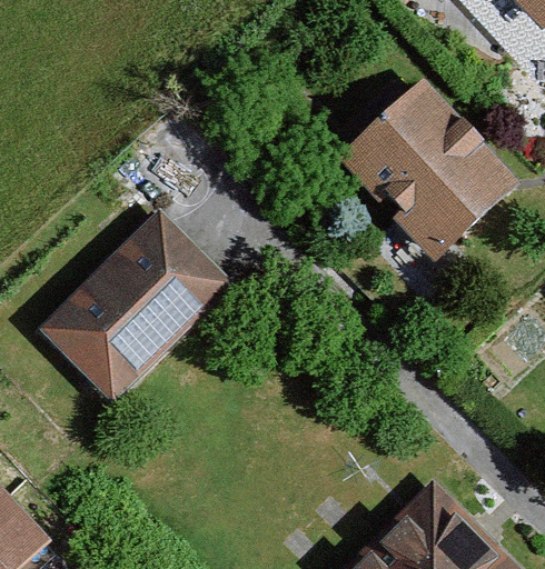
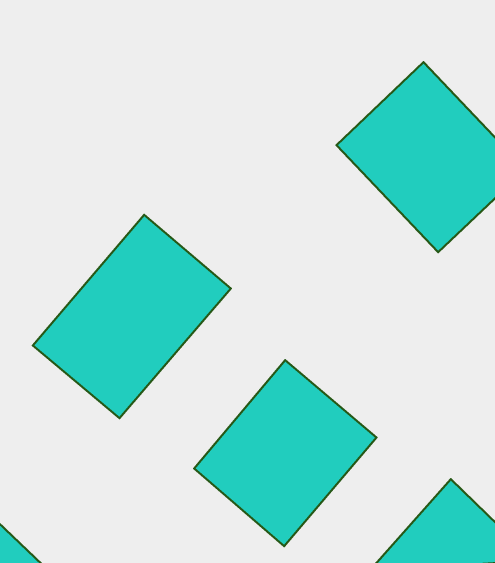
building: none -> [194,360,376,546]

